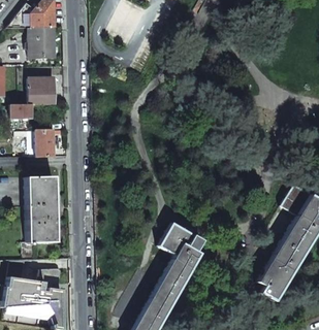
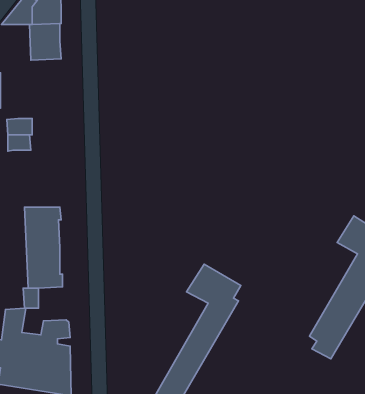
building: [29,77,52,104] -> none
building: [36,130,54,156] -> none

